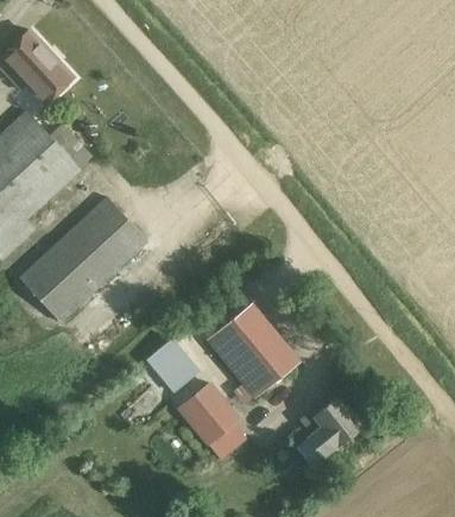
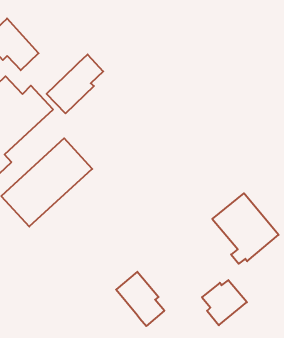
building: none -> [47,54,103,113]
building: [207,303,299,402] -> [212,193,279,264]
building: [144,336,200,391] -> none

